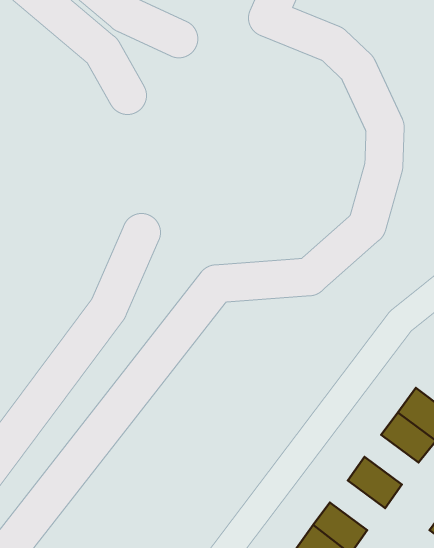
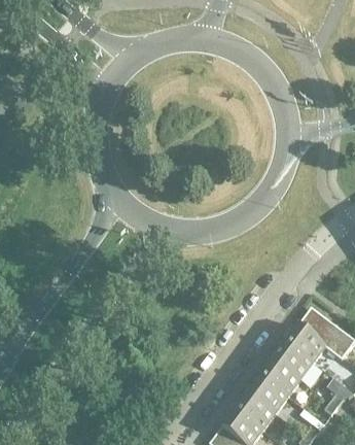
building: none -> [273,342,313,379]
building: none -> [247,376,288,413]

